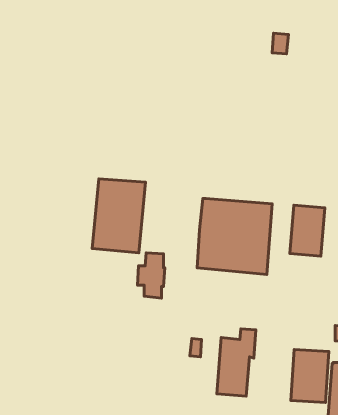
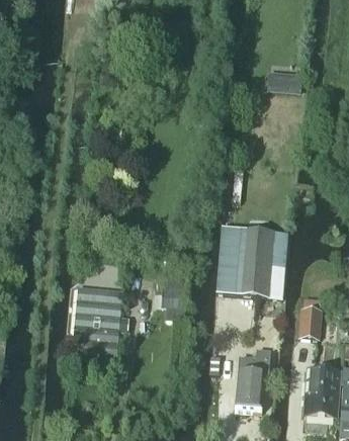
building: [92,179,146,253] -> [72,286,121,355]
building: [290,205,325,256] -> none
building: none -> [299,308,322,339]

